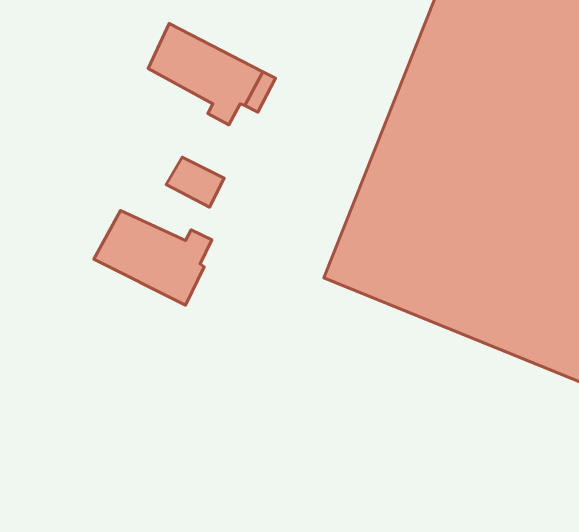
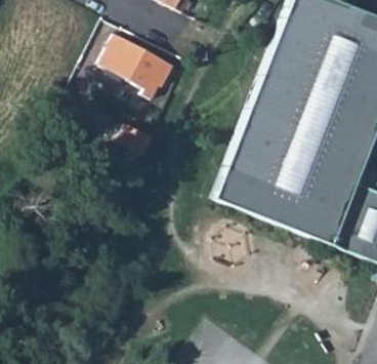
building: [94,211,212,305] -> none

